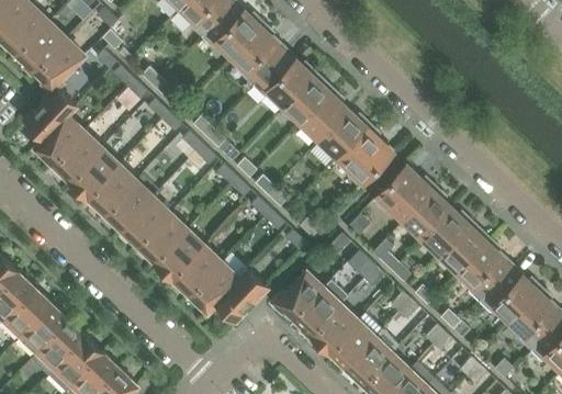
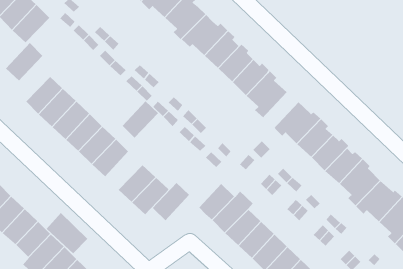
building: [35,105,85,165] -> none
building: [156,229,204,279] -> [122,100,159,139]
building: none -> [46,212,88,254]

